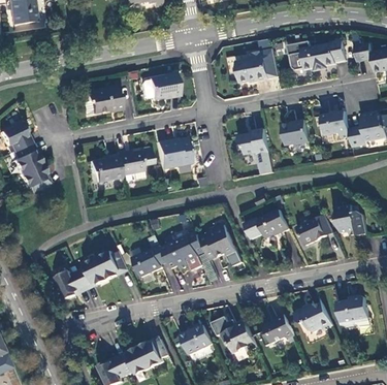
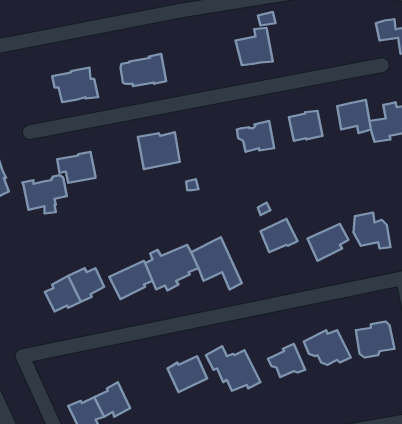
building: [287,40,346,70] -> none
building: [115,146,152,178] -> [22,175,67,214]
building: [56,270,86,299] -> none
building: [138,339,168,367] -> none

